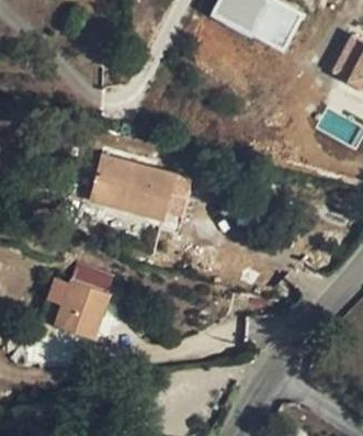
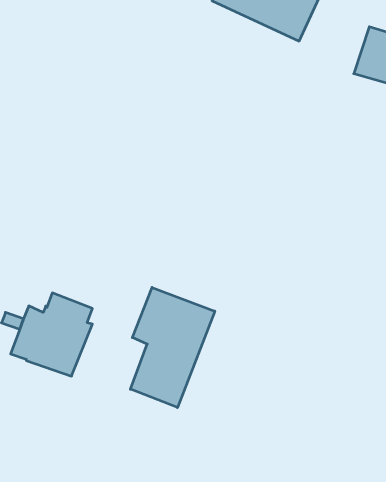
building: [90,155,177,219] -> none
building: none -> [130,287,215,408]

